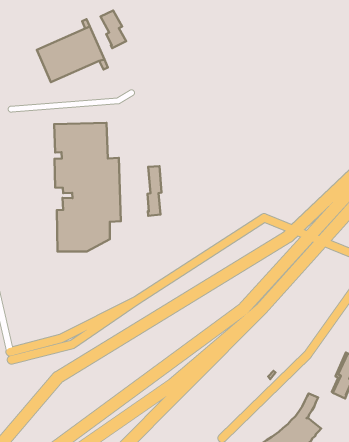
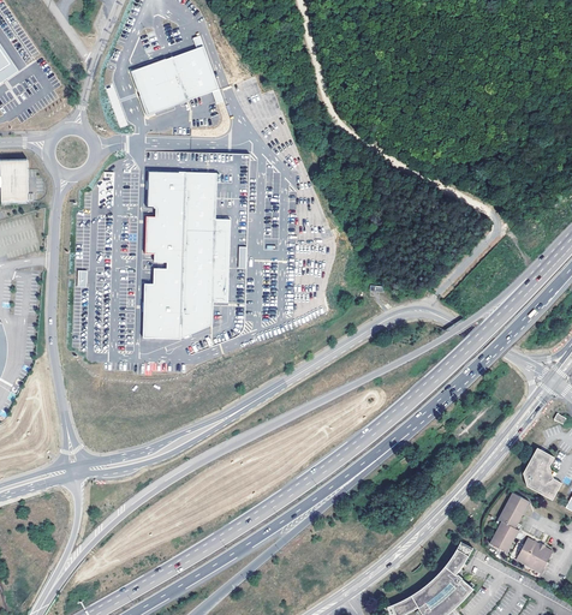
building: [100,10,126,48] -> none
building: [147,166,162,216] -> none

